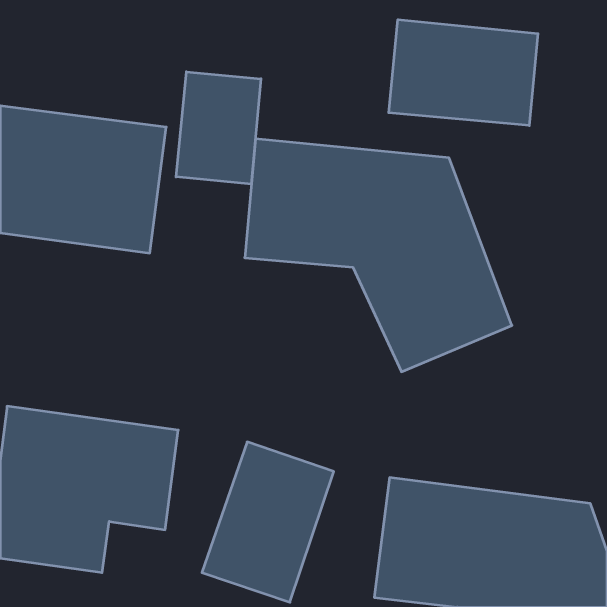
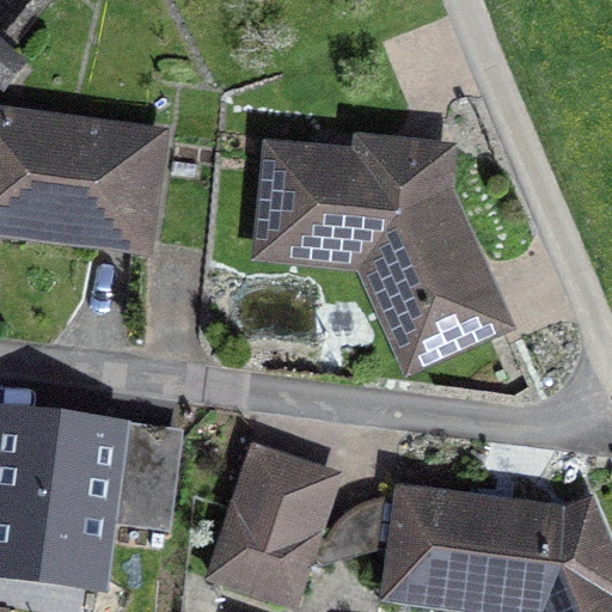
building: [389,20,538,126] -> none
building: [176,72,261,184] -> none

